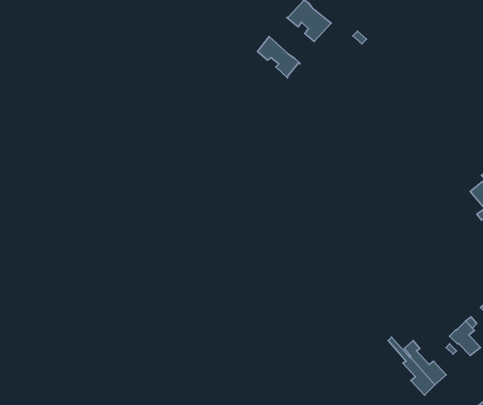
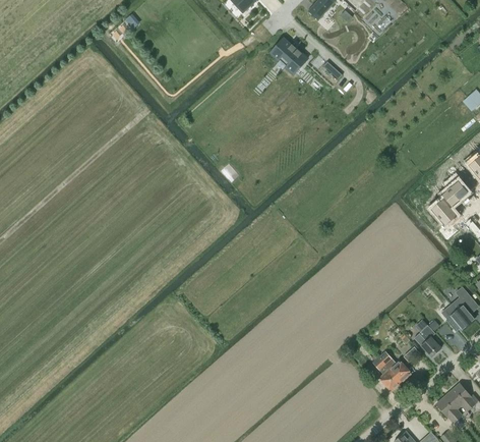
building: [257,37,300,78] -> none

